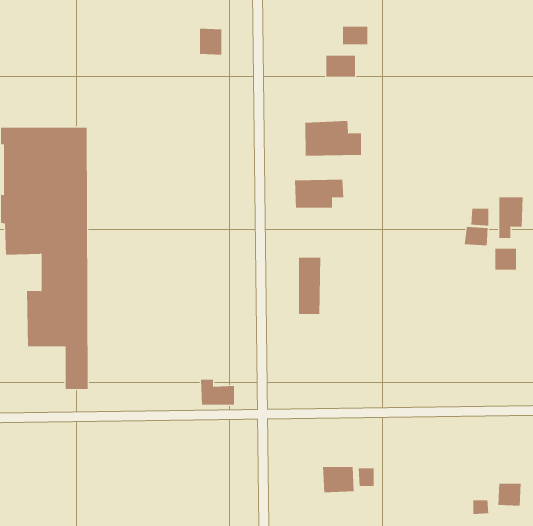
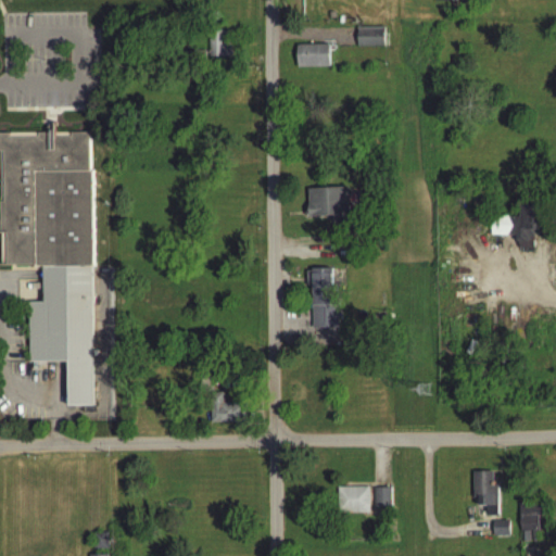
building: [326,55,356,77] -> [296,45,328,67]
building: [305,120,362,157] -> none
building: [464,226,488,246] -> none
building: [495,248,517,270] -> none
building: none -> [475,471,496,516]

